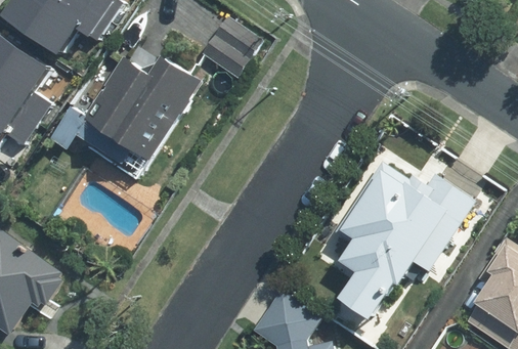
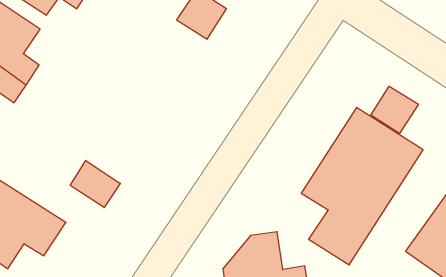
building: [48,51,208,182] -> none
building: none -> [371,86,418,134]
building: none -> [70,160,120,208]

